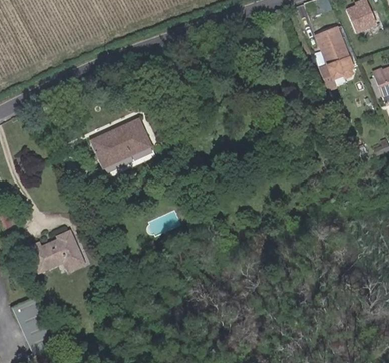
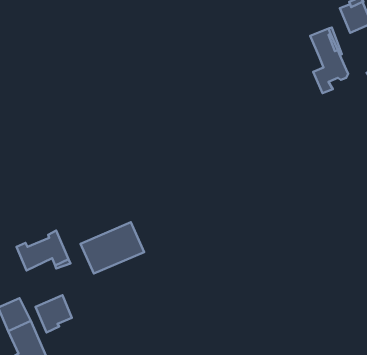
building: [89,118,151,168] -> [81,222,144,274]
building: none -> [35,295,72,332]

